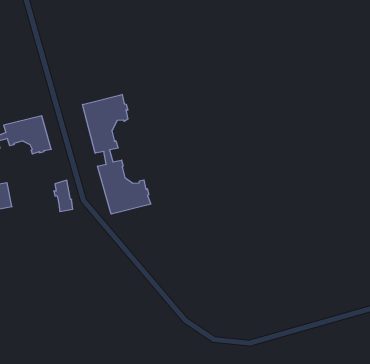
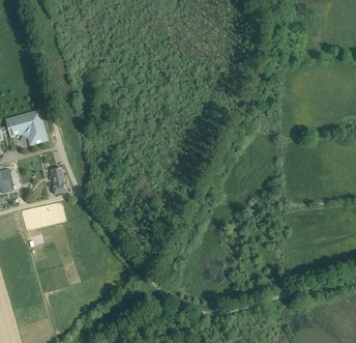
building: [83,94,151,214] -> none

